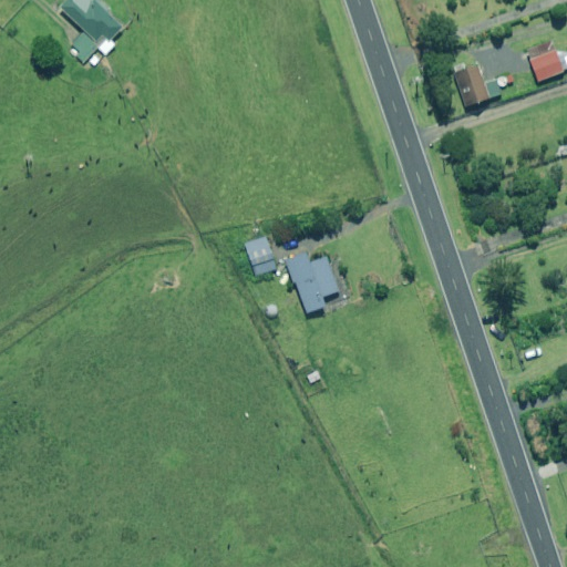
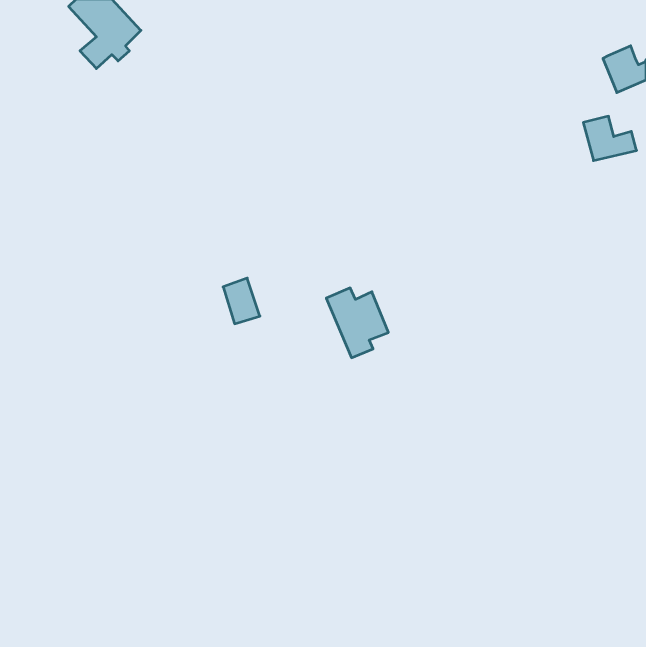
building: [454,65,501,104] -> [583,116,637,161]
building: [244,236,276,276] -> [223,278,260,324]

